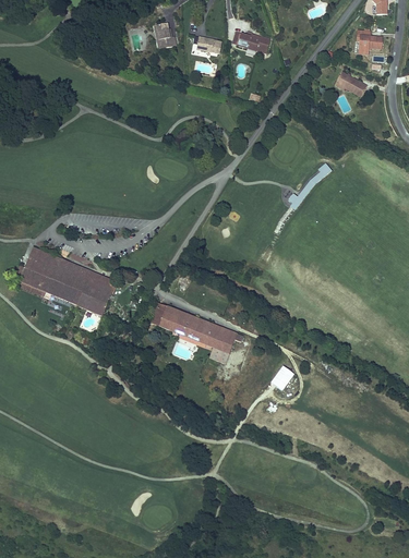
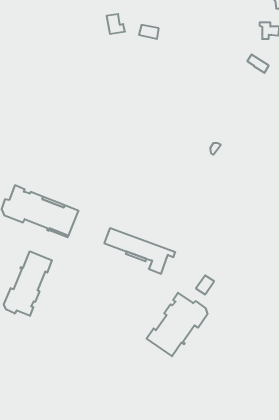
building: [231,26,270,52] -> none
building: none -> [4,251,52,316]
building: none -> [147,293,208,356]

